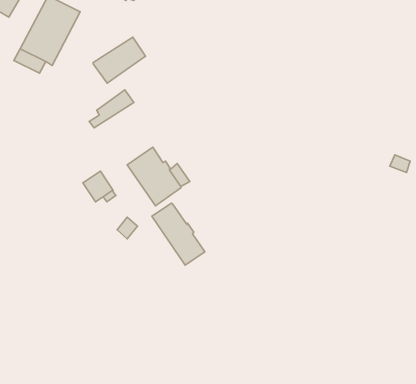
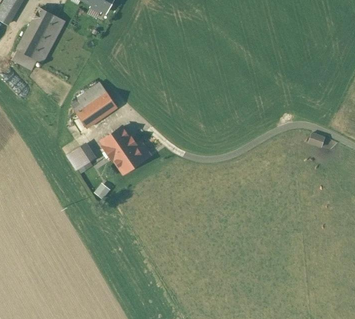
building: [93,37,146,83] -> [75,92,116,128]
building: [152,203,205,265] -> none

